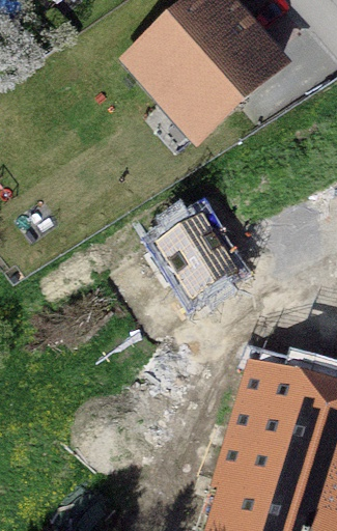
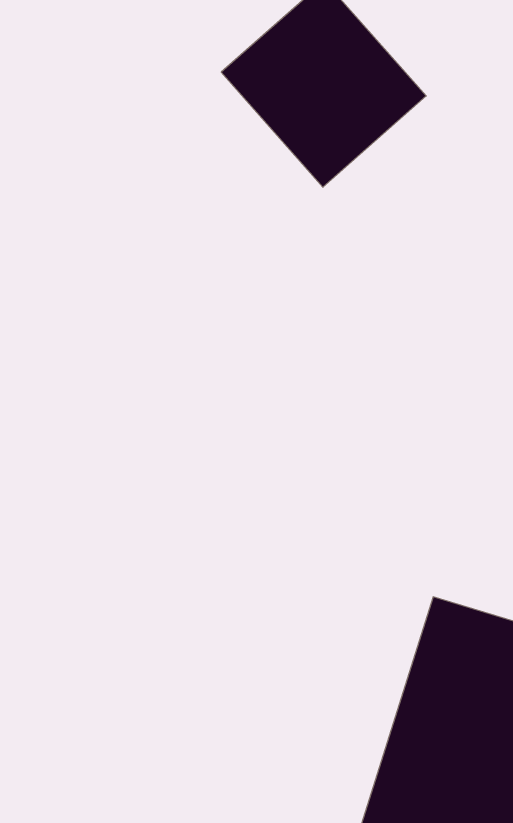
building: [158,209,236,295] -> none

